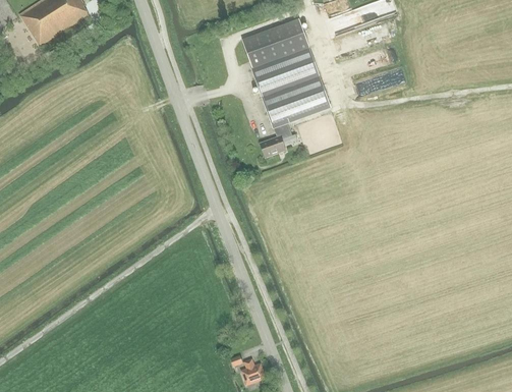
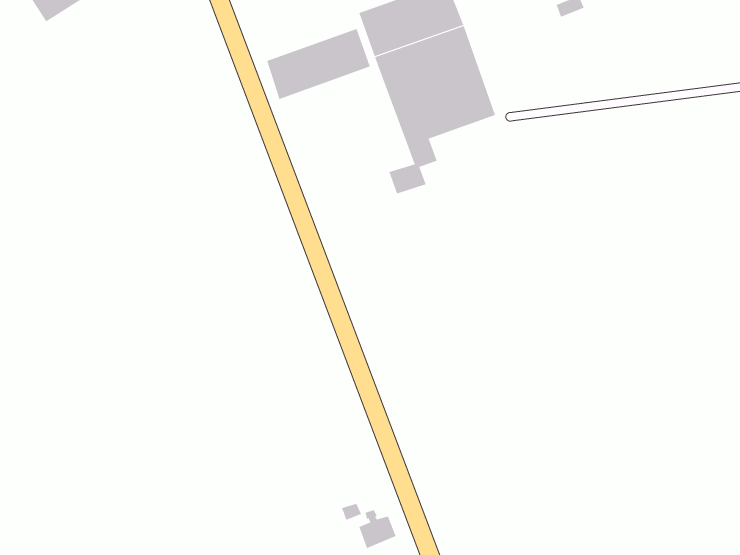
building: none -> [267,28,371,100]

